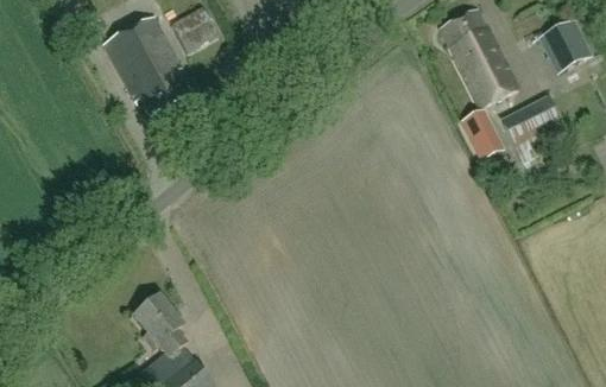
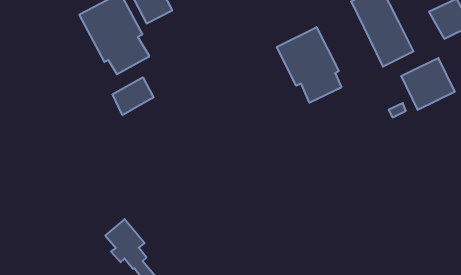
building: none -> [277,27,341,103]
building: [462,107,504,156] -> none
building: none -> [113,77,154,115]

